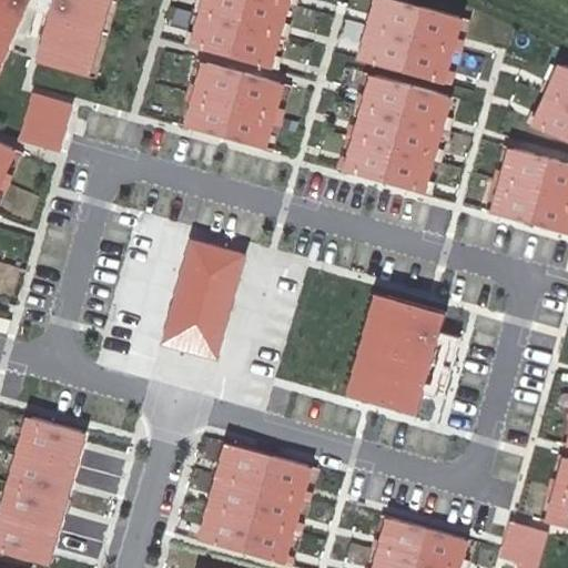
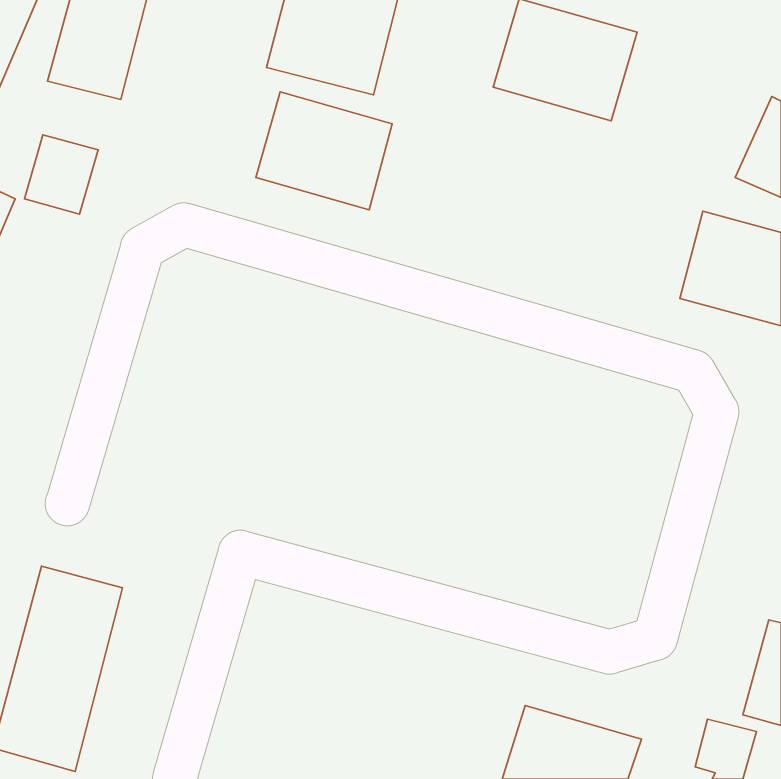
building: [344,80,449,195] -> none
building: [159,239,242,355] -> none
building: [352,295,443,409] -> none
building: [201,439,310,554] -> none

